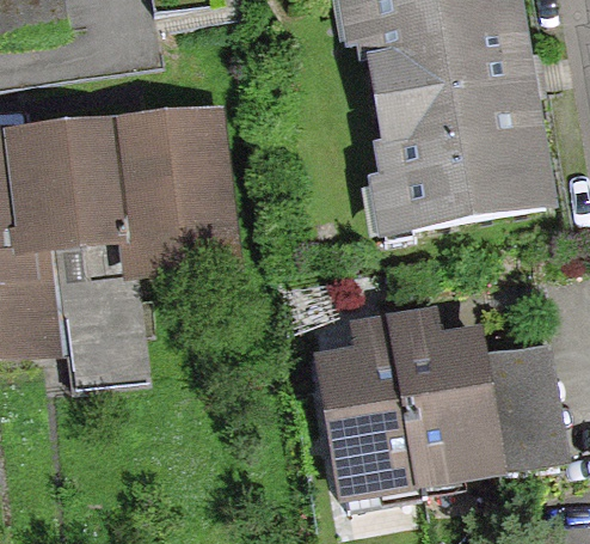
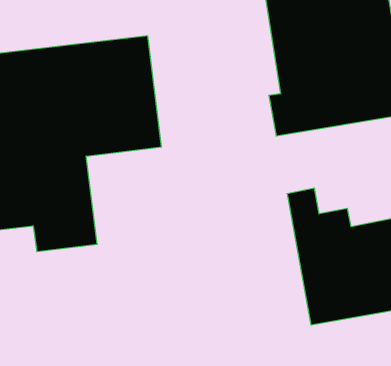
building: [318,310,428,496] -> none

